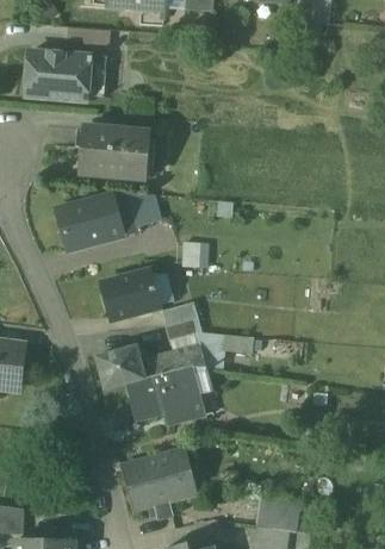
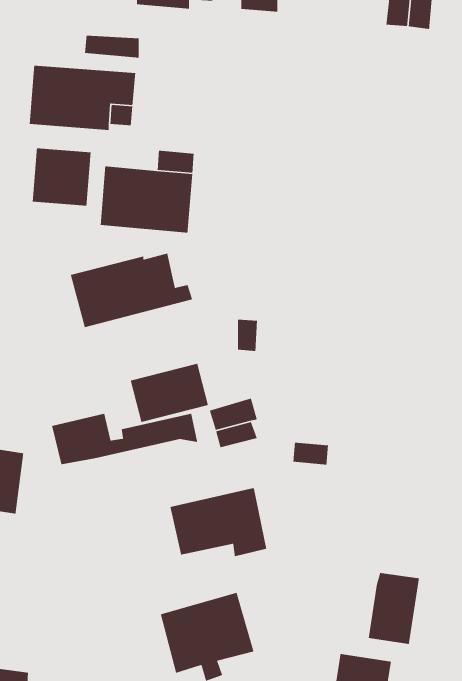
building: none -> [32,147,92,206]
building: [98,349,209,388] -> [51,413,198,465]
building: none -> [368,572,420,645]

